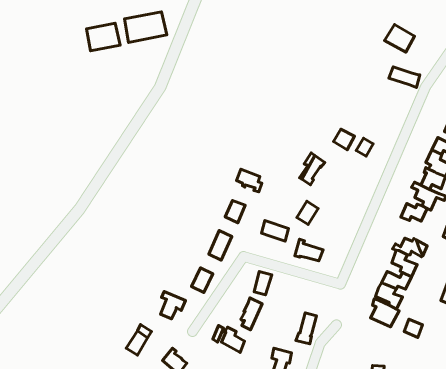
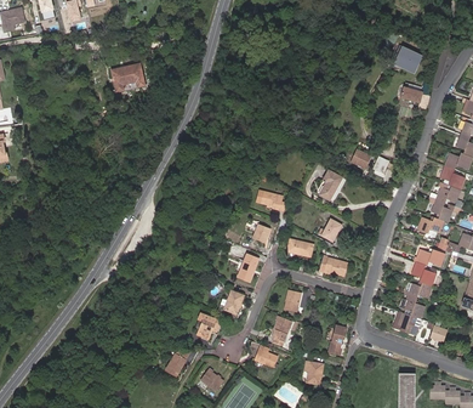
building: [125,12,167,42] -> none

